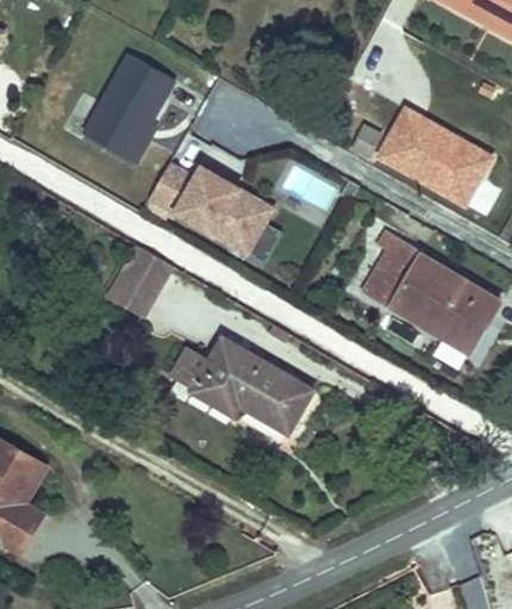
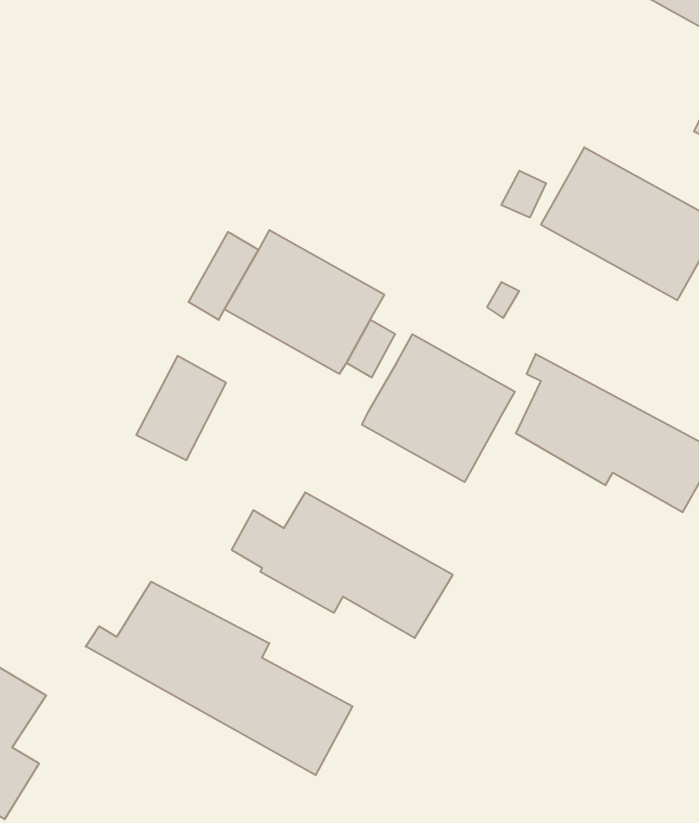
building: [80,51,175,162] -> none
building: none -> [362,334,515,482]
building: none -> [86,582,352,775]

